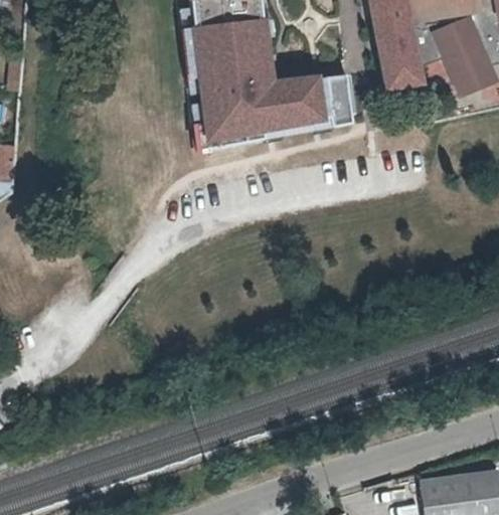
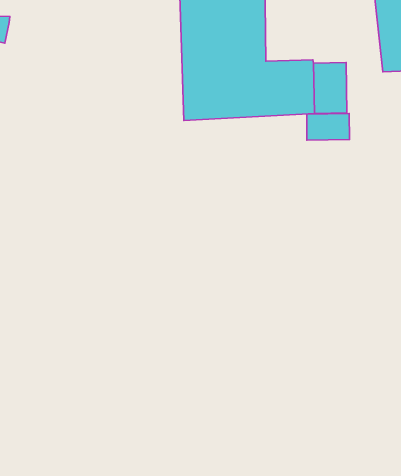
building: none -> [307,113,350,140]

